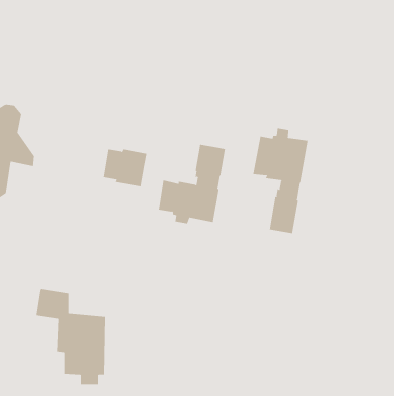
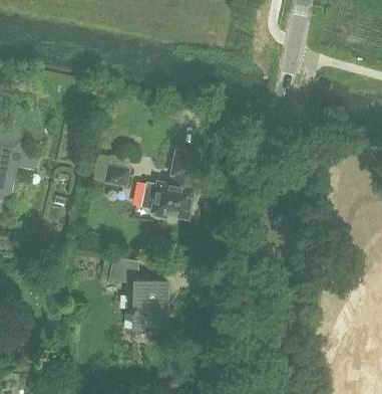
building: [253,128,308,234] -> none
building: [35,288,106,385] -> [109,256,169,339]

